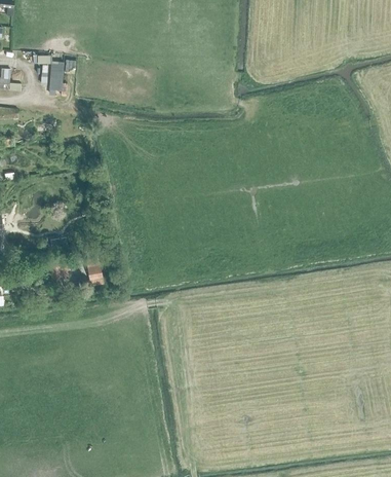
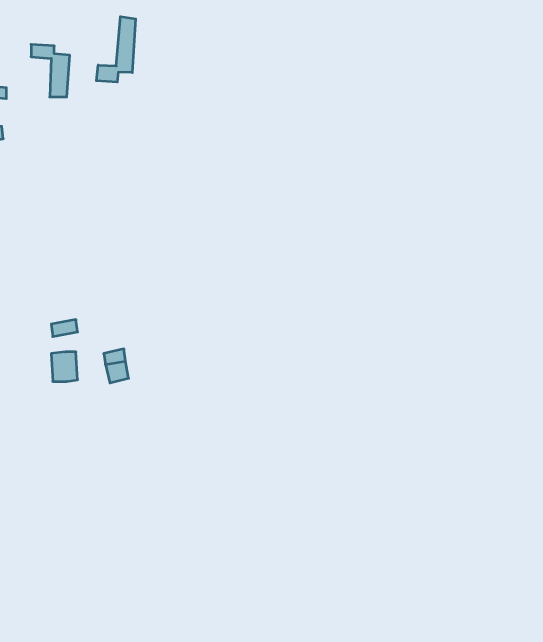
building: none -> [96,17,136,82]

